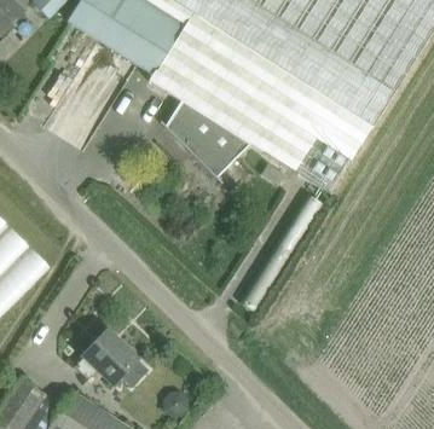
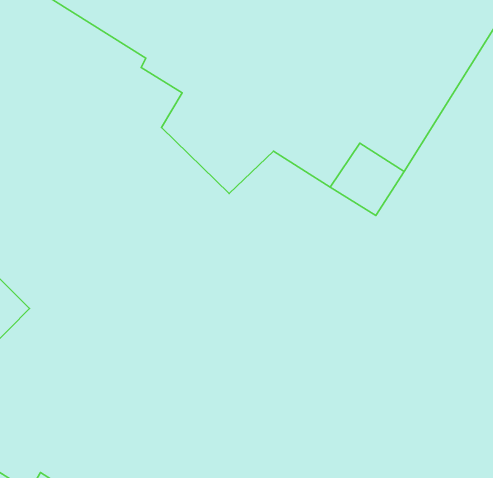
building: [71,329,145,385] -> none

